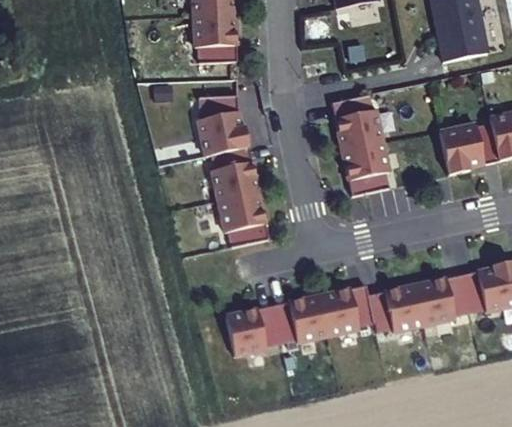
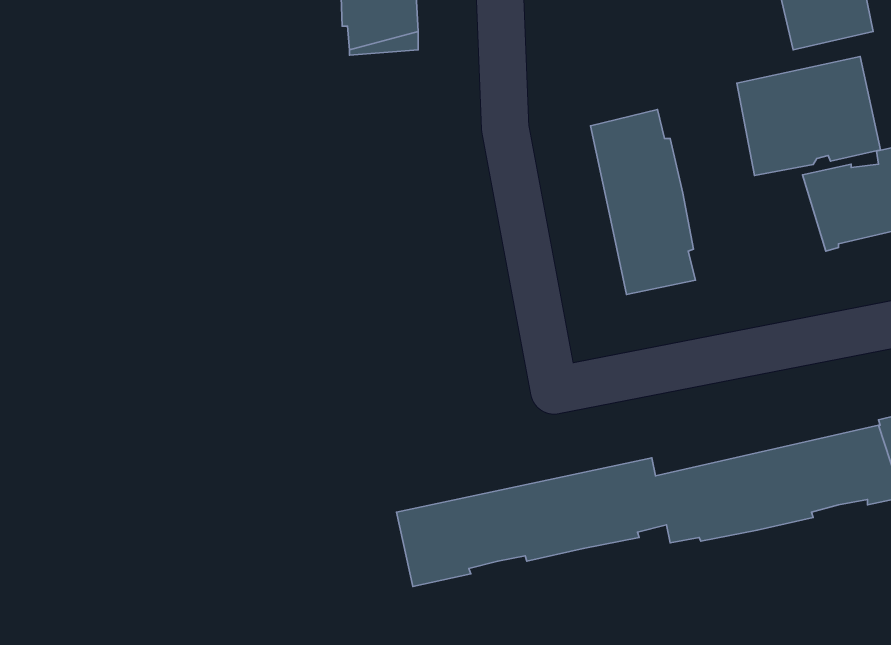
building: none -> [737,57,880,175]
building: [197,94,268,247] -> none

